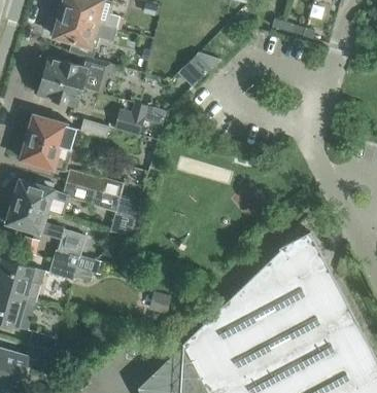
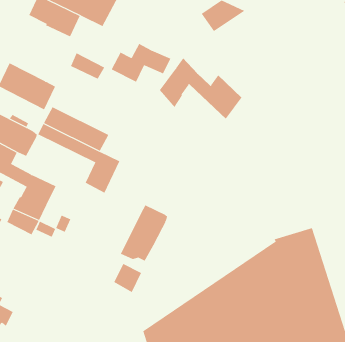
building: none -> [159,58,242,120]
building: [27,116,76,148] -> none
building: none -> [120,205,168,262]

